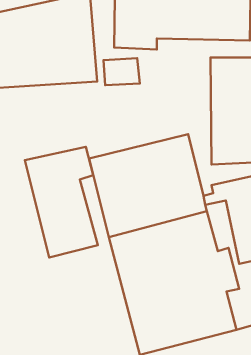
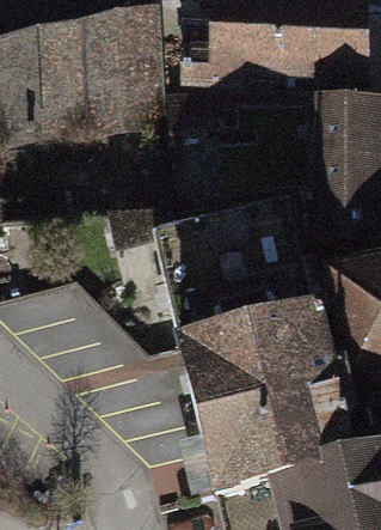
building: [25,147,98,258] -> none

